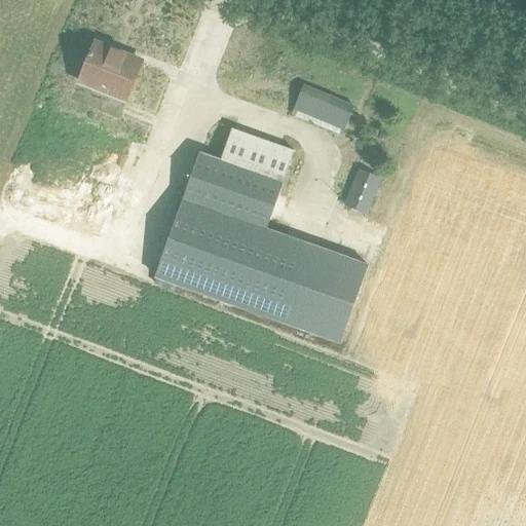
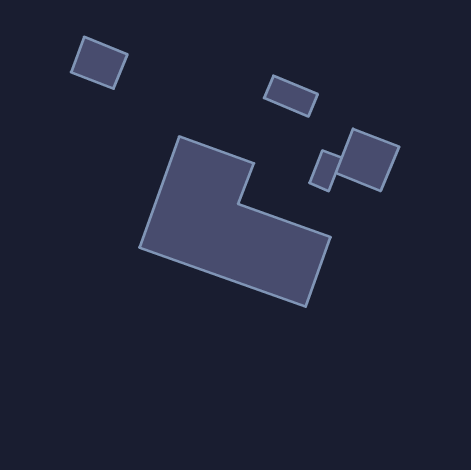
building: [221,127,294,182] -> none
building: none -> [336,129,399,191]

